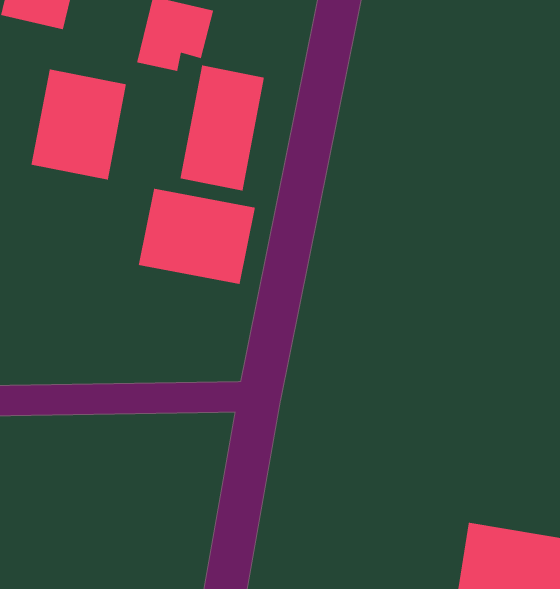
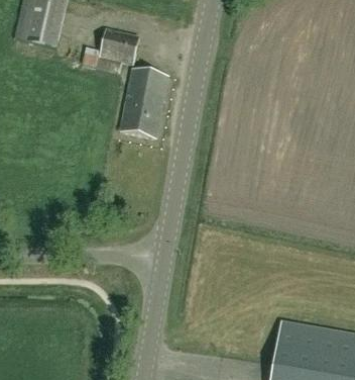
building: [31,68,127,181] -> none
building: [138,188,256,285] -> none

